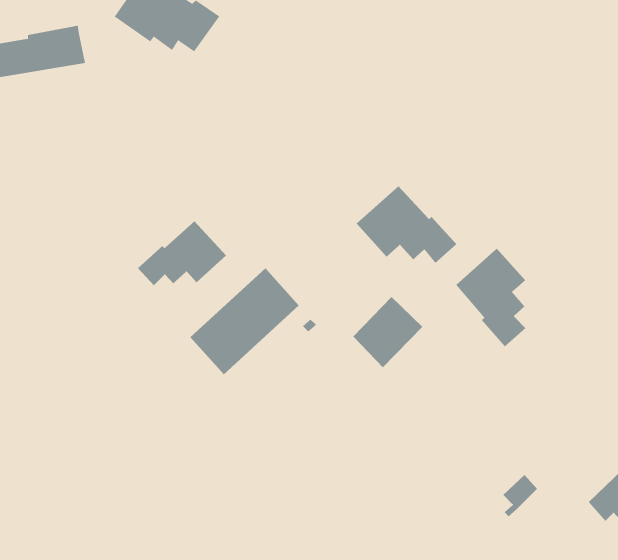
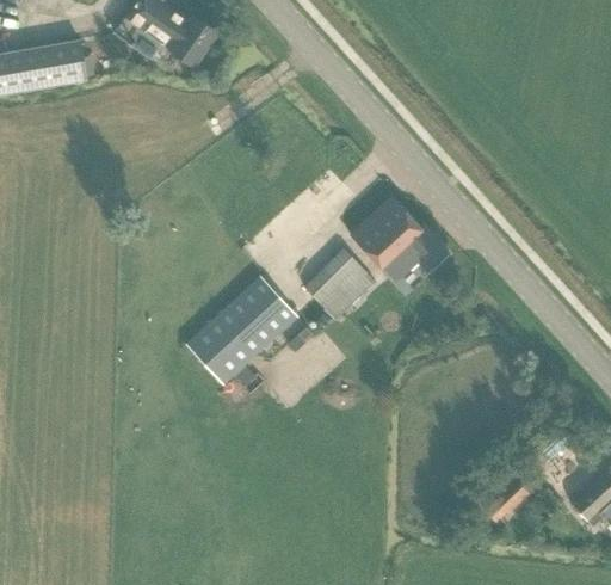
building: [137,221,227,286] -> none
building: [456,248,526,347] -> none
building: [352,296,423,368] -> [307,247,376,318]

